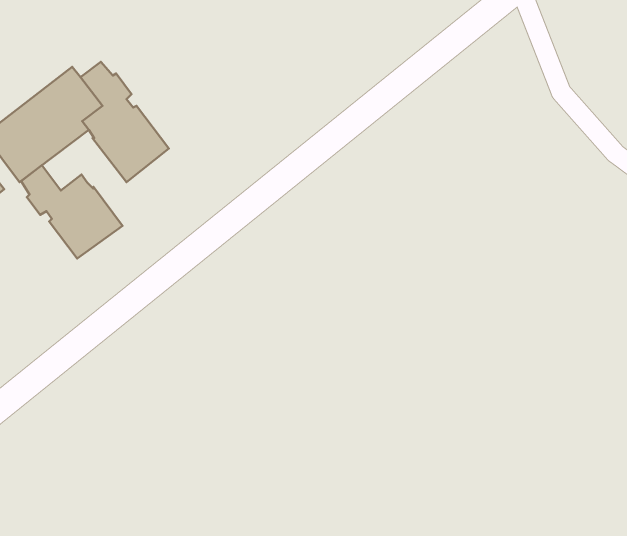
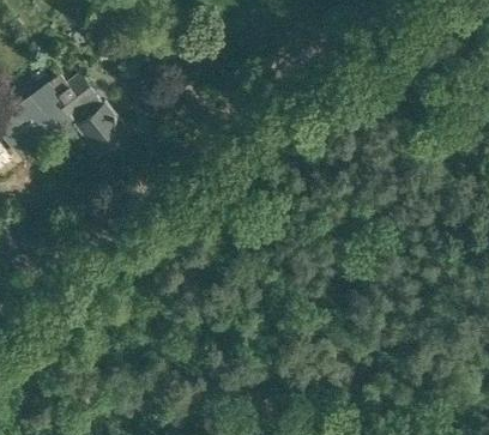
building: [21,165,122,259] -> none

